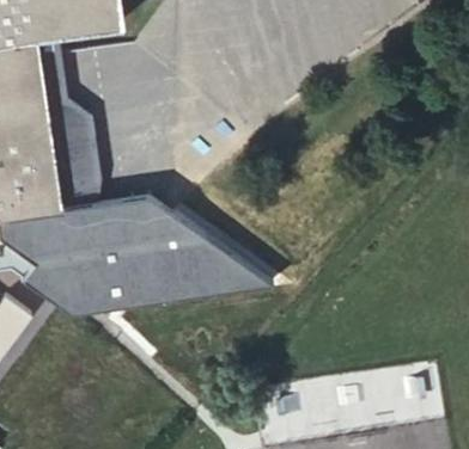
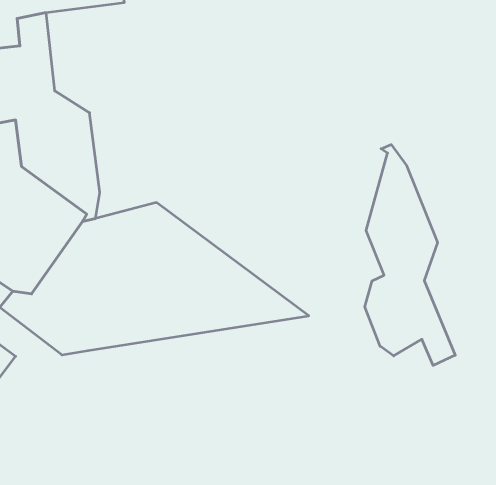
building: none -> [365,145,455,365]

